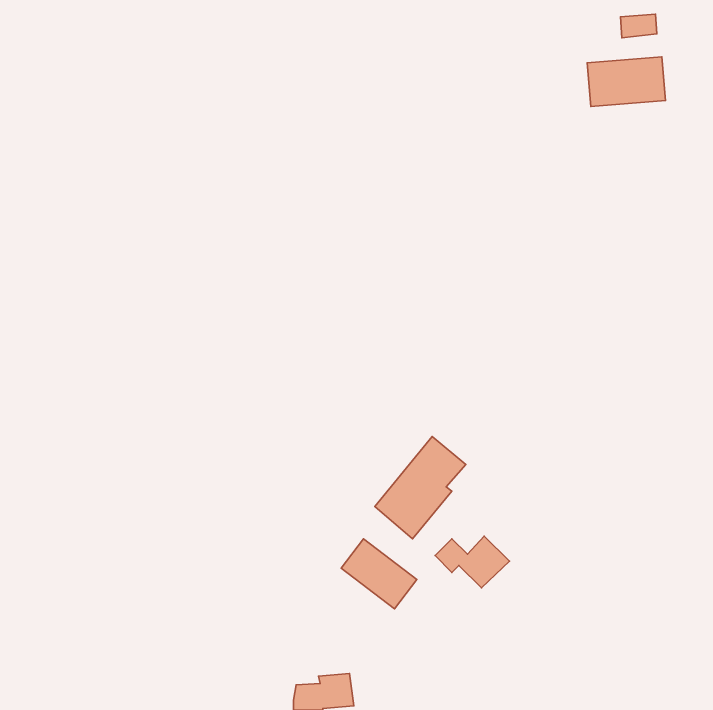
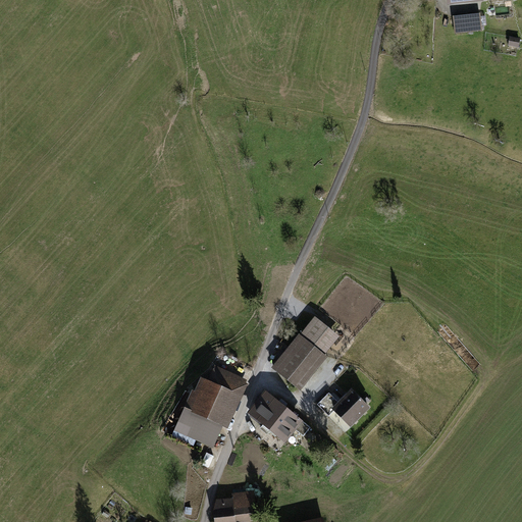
building: [587,57,665,107] -> none
building: none -> [172,366,248,448]

